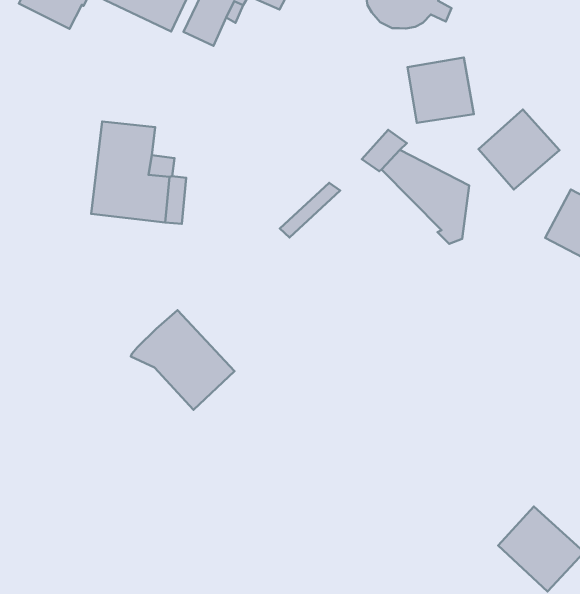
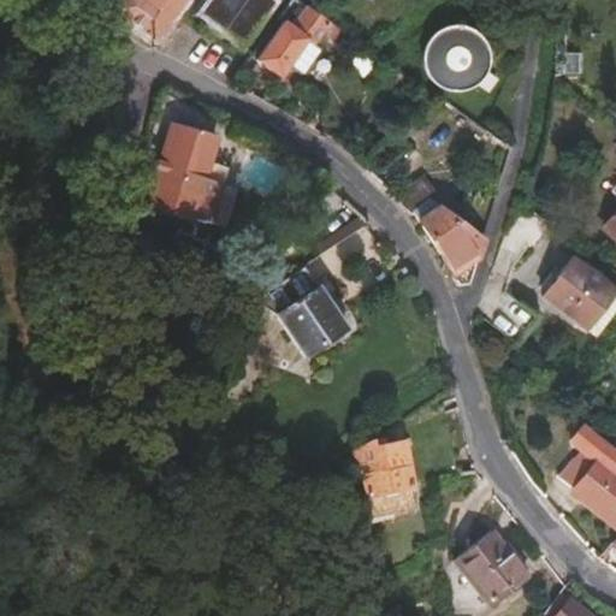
building: [408,57,474,123] -> none
building: [479,109,559,190] -> none
building: [131,310,235,410] -> [257,263,346,354]
building: none -> [354,436,419,516]

